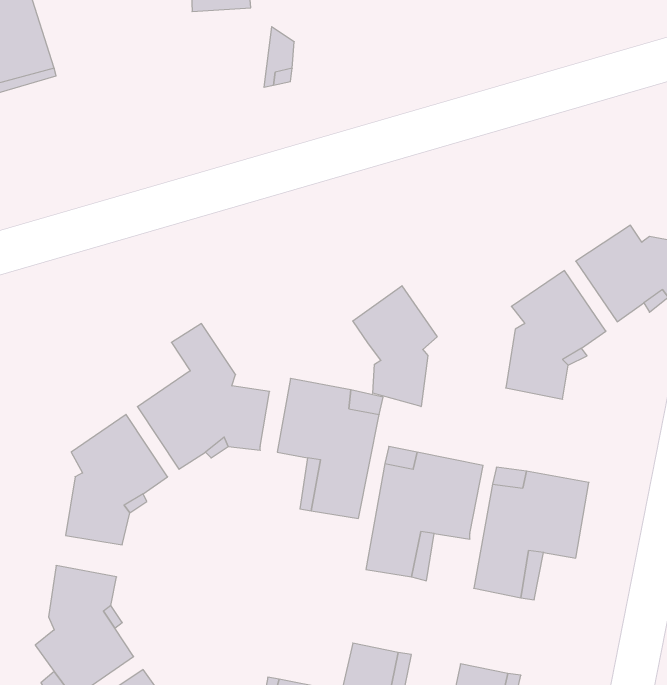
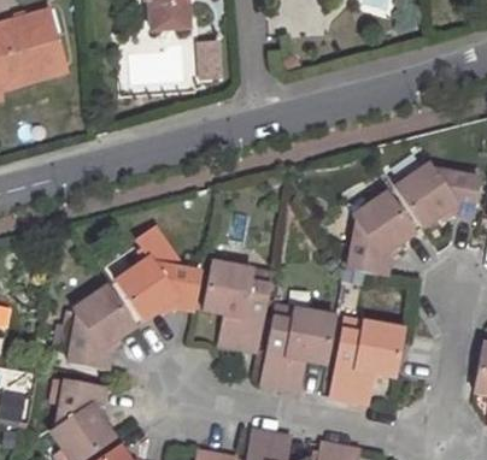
building: [353,286,437,407] -> none

